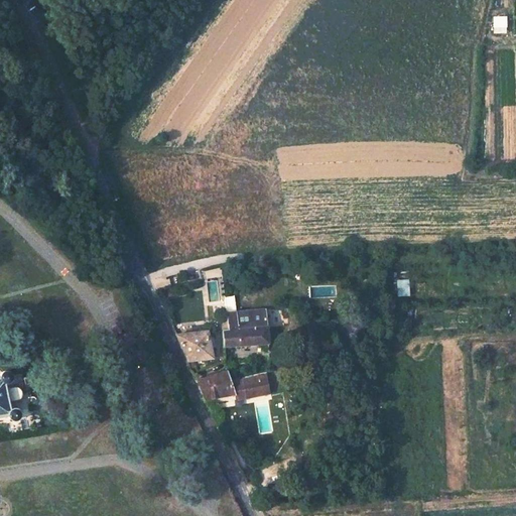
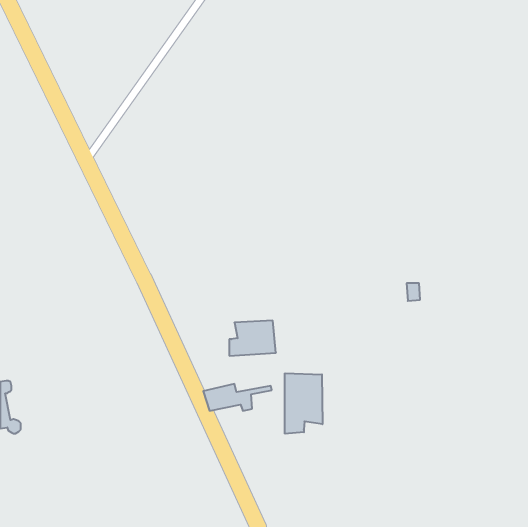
building: [178,332,213,360] -> none
building: none -> [285,373,322,434]

